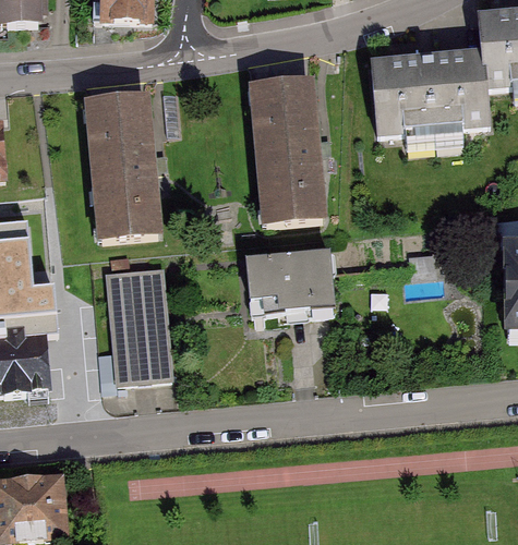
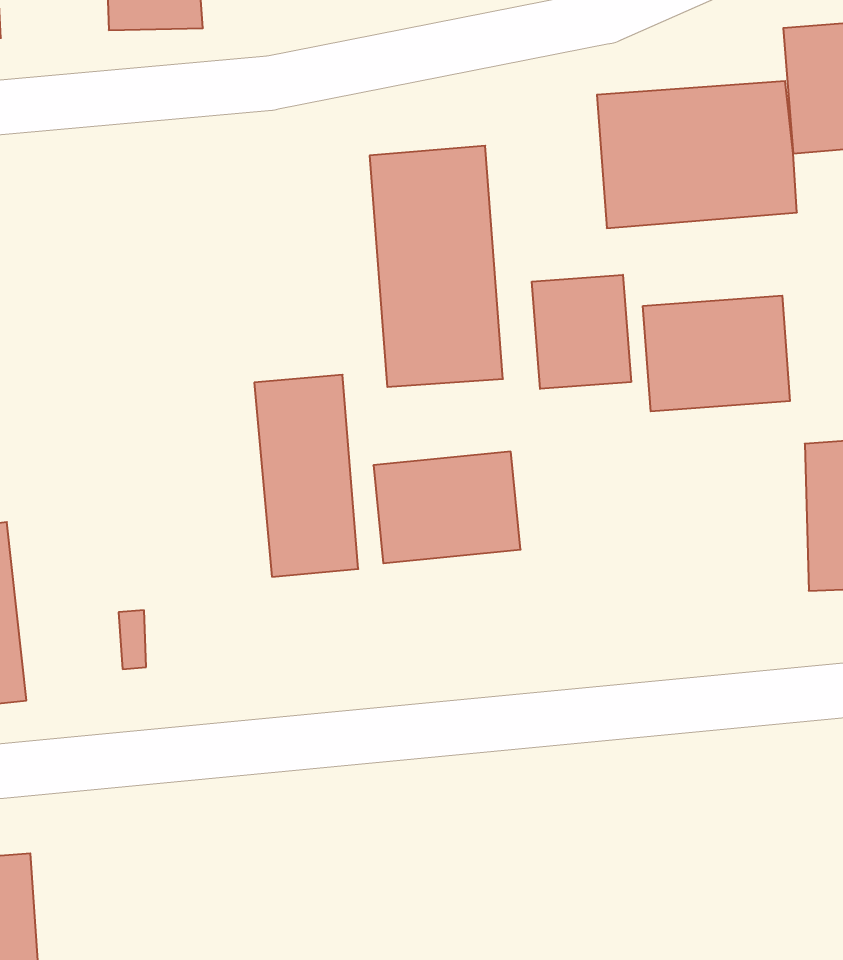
building: [85,99,159,235] -> none
building: none -> [532,275,631,389]
building: none -> [643,296,790,411]
building: [119,266,177,378] -> [254,375,358,577]

